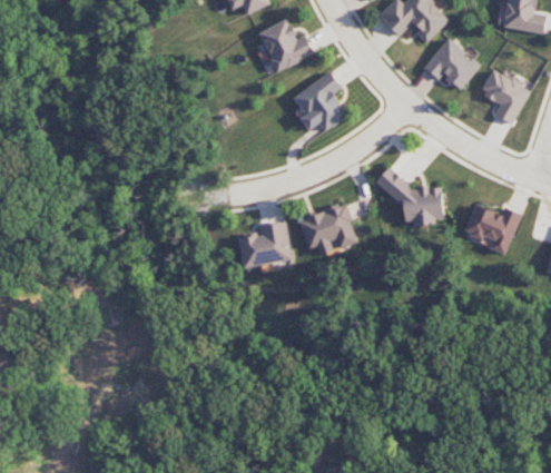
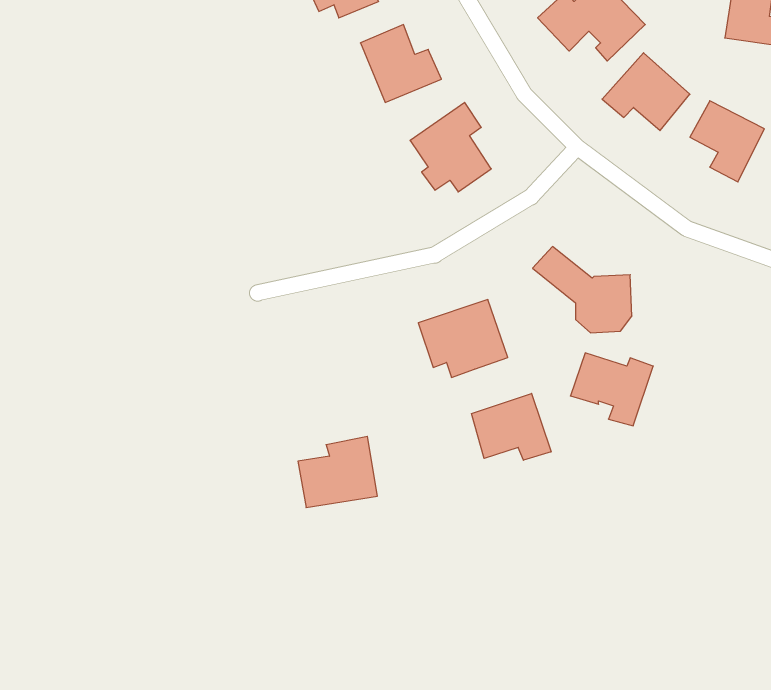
building: [463,205,519,254] -> [570,353,653,426]
building: [237,220,291,268] -> [298,436,377,508]
building: none -> [471,393,551,460]

